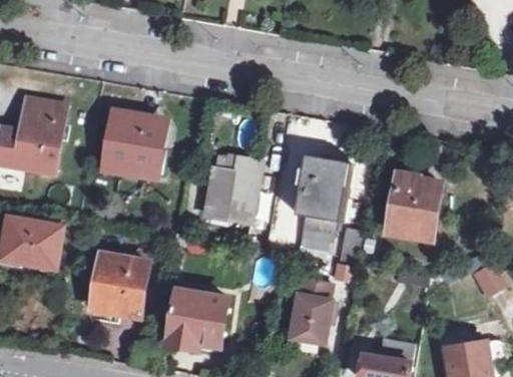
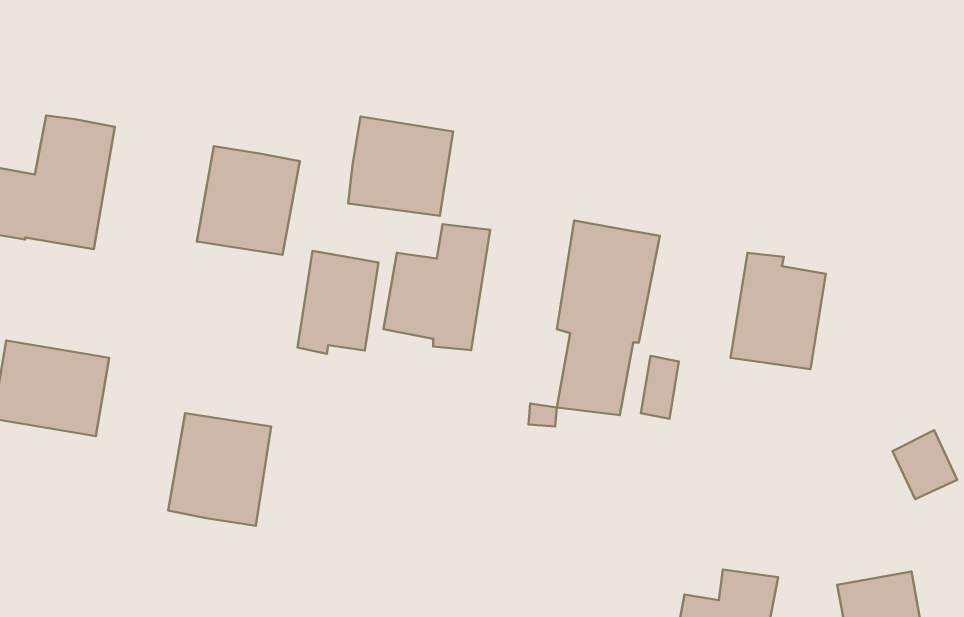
building: none -> [348,116,453,216]
building: none -> [297,251,379,354]
building: [290,278,331,340] -> none
building: [166,290,226,345] -> none

